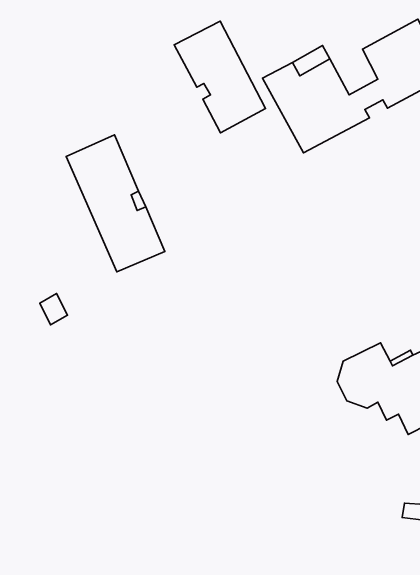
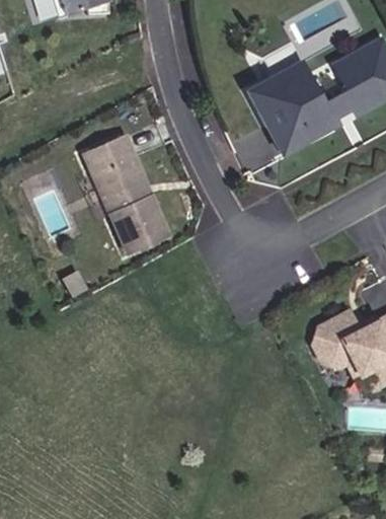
building: [174,21,266,133] -> none

